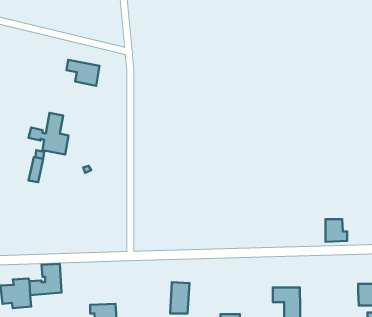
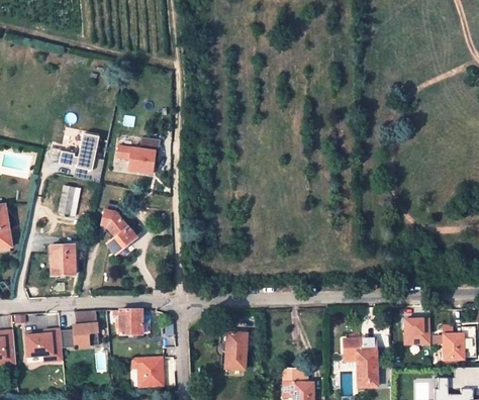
building: [66,60,99,86] -> [117,144,156,175]
building: none -> [103,210,142,254]
building: none -> [51,245,76,276]
building: [326,219,347,242] -> [404,318,429,344]
building: none -> [117,309,141,333]

